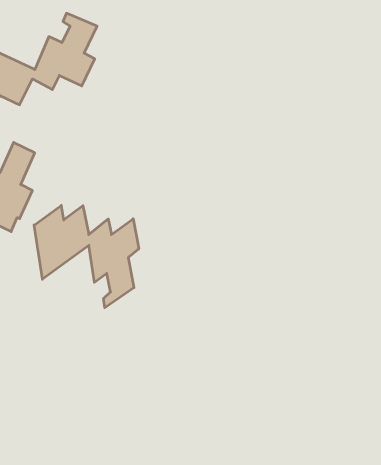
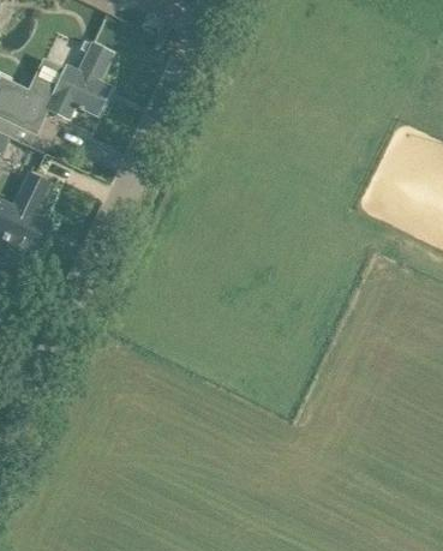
building: [34,205,139,308] -> none

